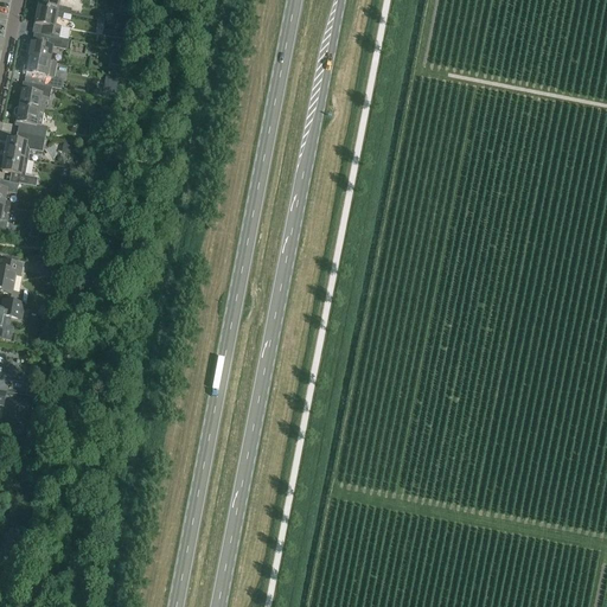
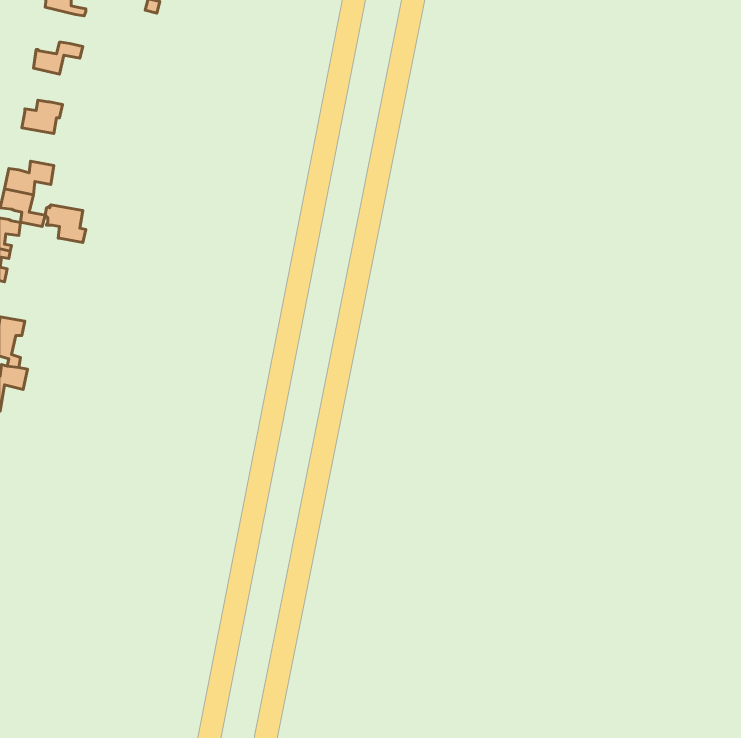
building: [33,6,62,36] -> none
building: [24,56,62,88] -> none
building: [13,104,46,135] -> [45,205,86,243]

